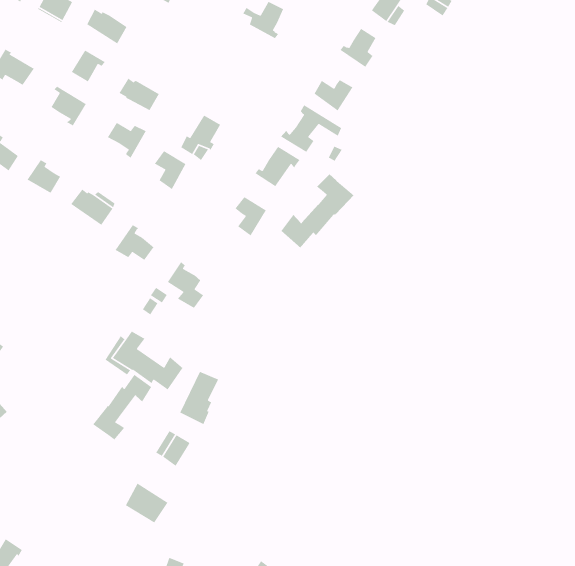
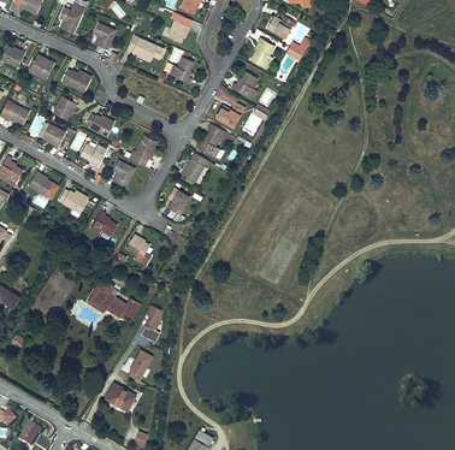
building: [280,174,355,249] -> none
building: [92,374,152,440] -> none

